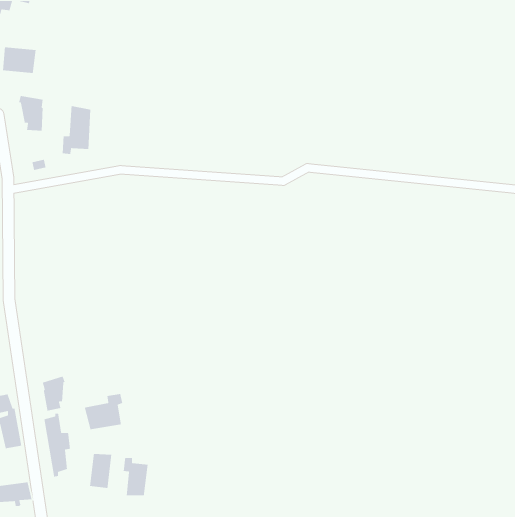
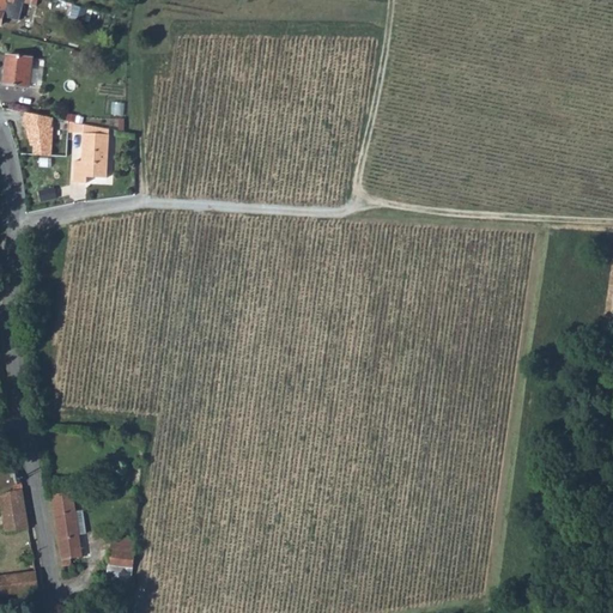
building: [42,376,66,411] -> none
building: [84,393,123,430] -> none
building: [123,457,148,496] -> none

